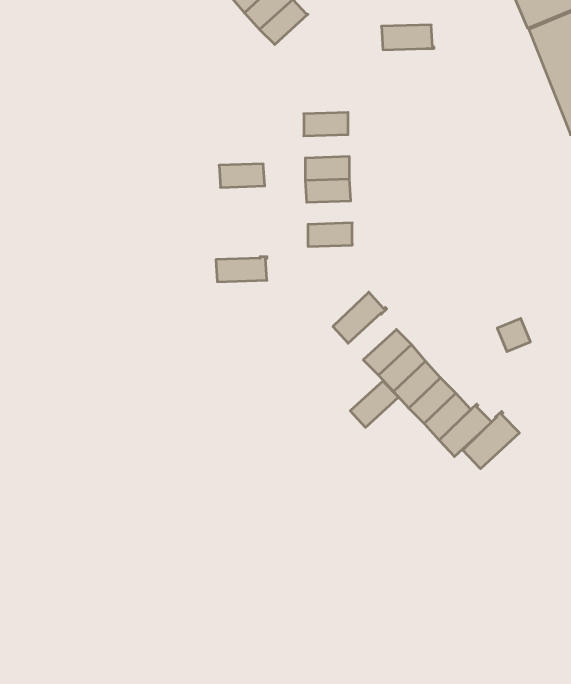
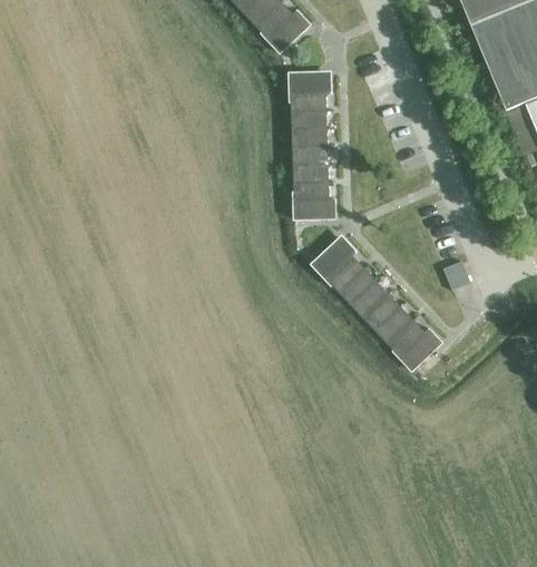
building: none -> [267,9,310,51]
building: [381,25,434,50] -> [290,74,332,94]
building: [219,164,265,187] -> [291,110,328,129]
building: none -> [293,164,330,183]
building: [216,257,267,282] -> [294,198,335,218]
building: [350,380,399,427] -> [326,254,365,292]
building: [463,411,519,469] -> none

